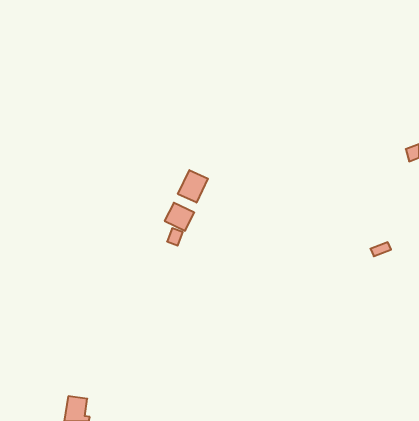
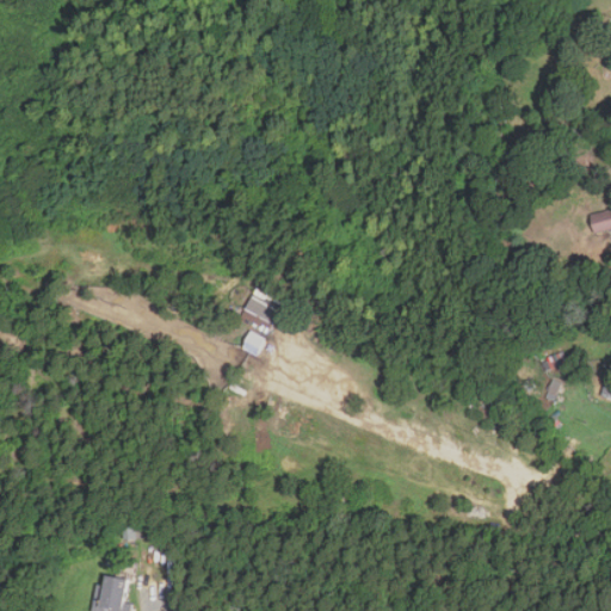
building: [178,170,208,203] -> none

